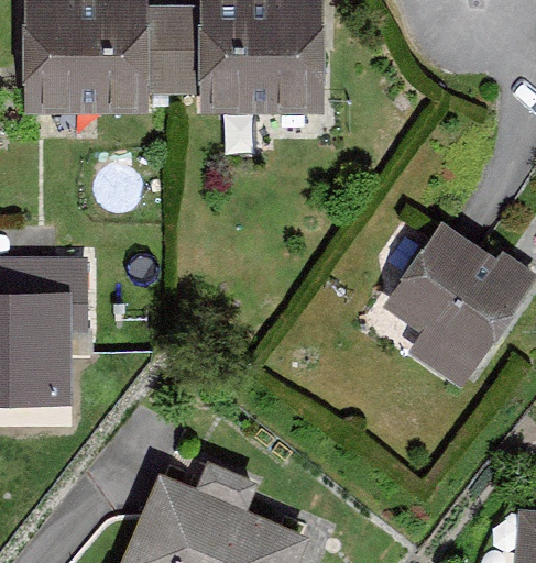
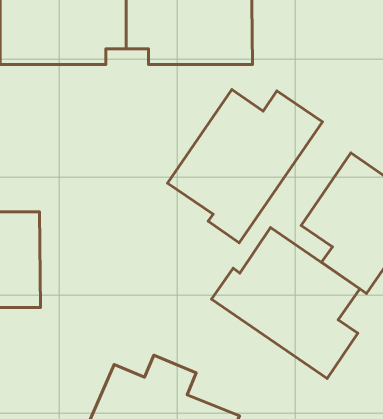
building: none -> [167,90,323,243]
building: none -> [211,228,360,379]

